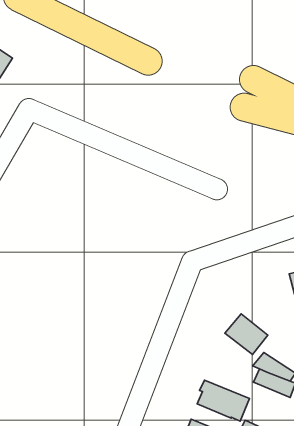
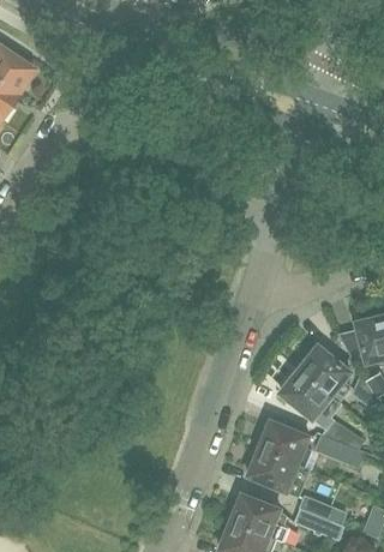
building: none -> [300,346,350,395]
building: none -> [257,420,310,469]

